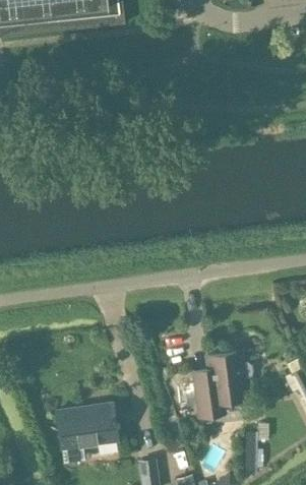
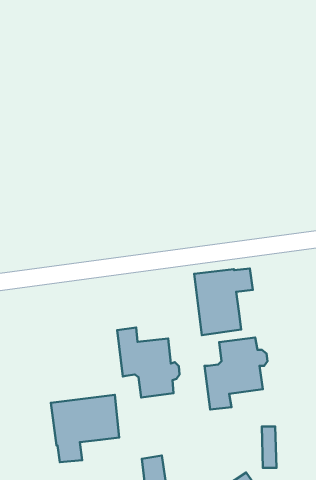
building: none -> [194,268,253,335]
building: none -> [117,327,180,397]

